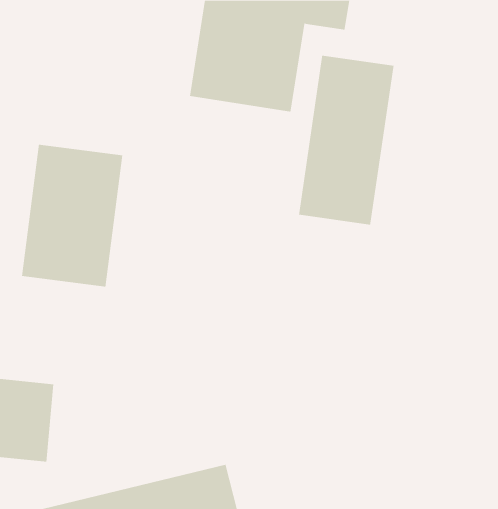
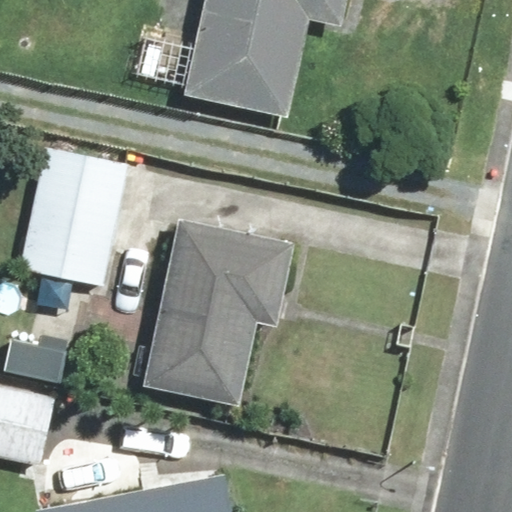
building: [299,55,394,226] -> none
building: none -> [145,220,294,405]

